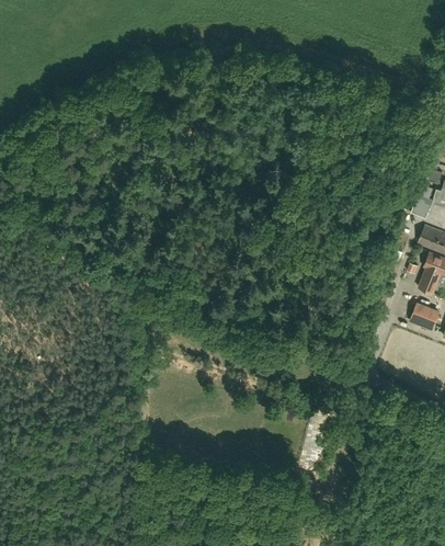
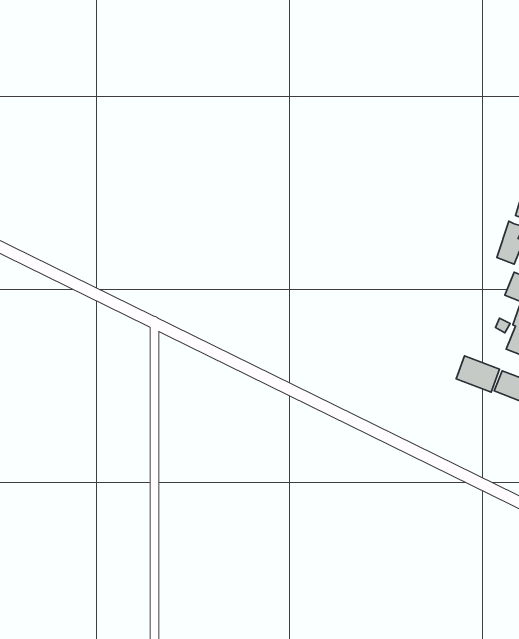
building: none -> [456,356,500,392]

